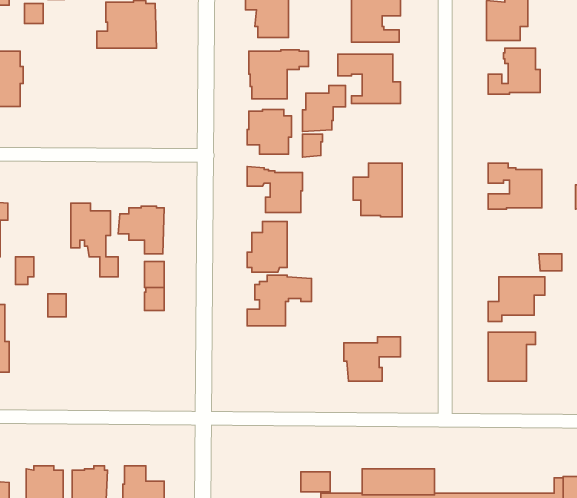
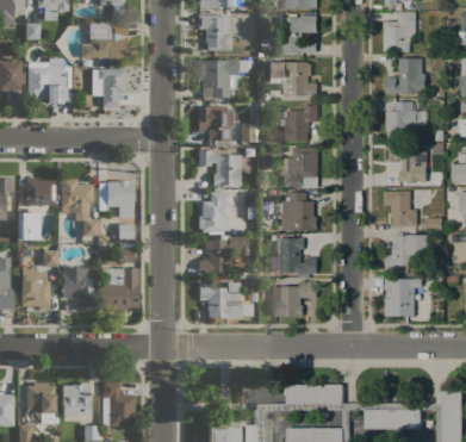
building: none -> [27,57,63,104]
building: none -> [91,68,125,106]
building: [303,85,346,131] -> [285,105,318,141]
building: none -> [386,101,427,138]
building: none -> [26,176,55,214]
building: none -> [384,191,417,226]
building: none -> [281,192,317,230]
building: none -> [278,237,317,278]
building: none -> [62,264,93,309]
building: none -> [20,266,49,309]
building: none -> [101,267,137,310]
building: none -> [199,281,253,317]

